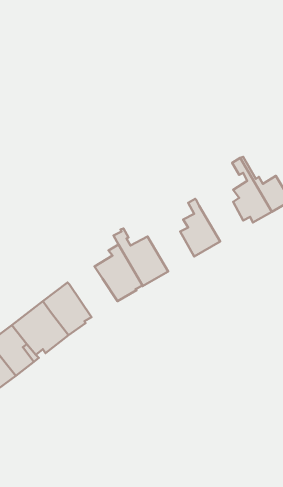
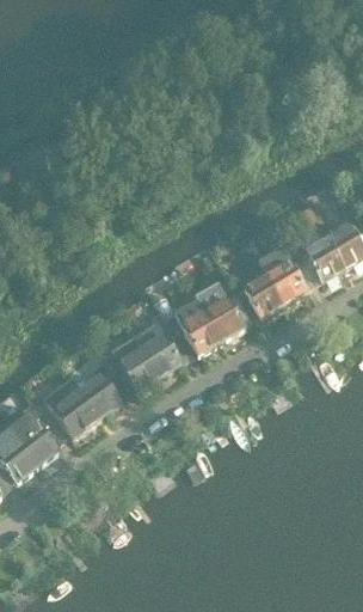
building: none -> [257,245,309,305]
building: none -> [195,284,251,341]
building: none -> [101,335,159,396]

